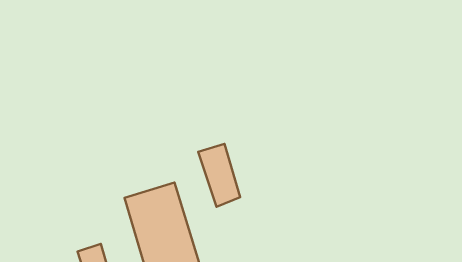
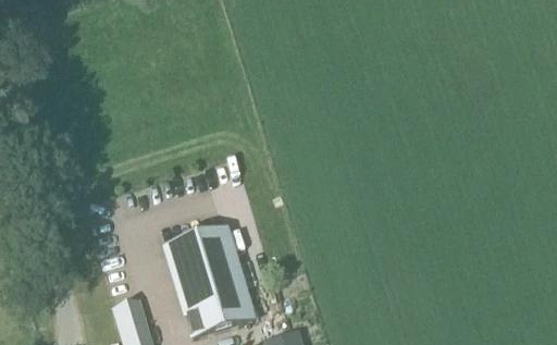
building: [198,144,240,207] -> none

